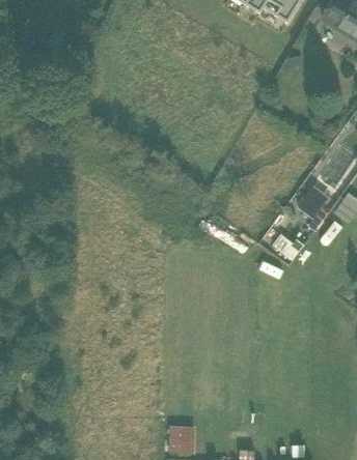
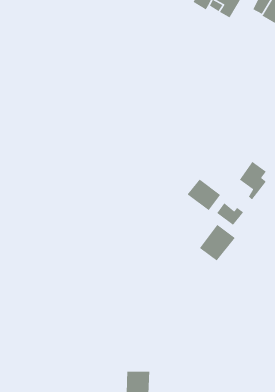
building: none -> [186,179,221,211]
building: none -> [199,224,236,262]

